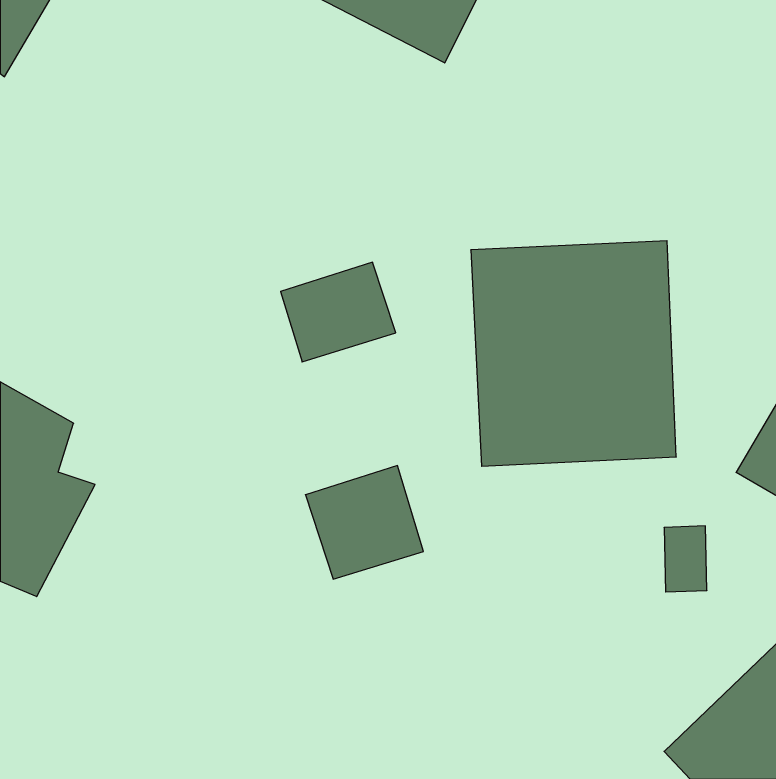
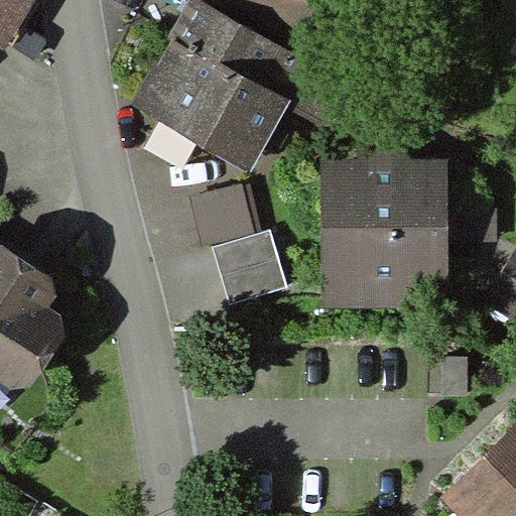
building: none -> [130,6,340,172]
building: [305,466,423,579] -> [212,222,289,296]

